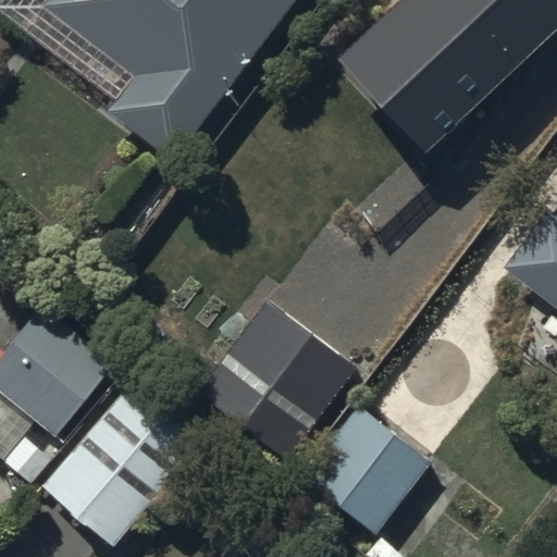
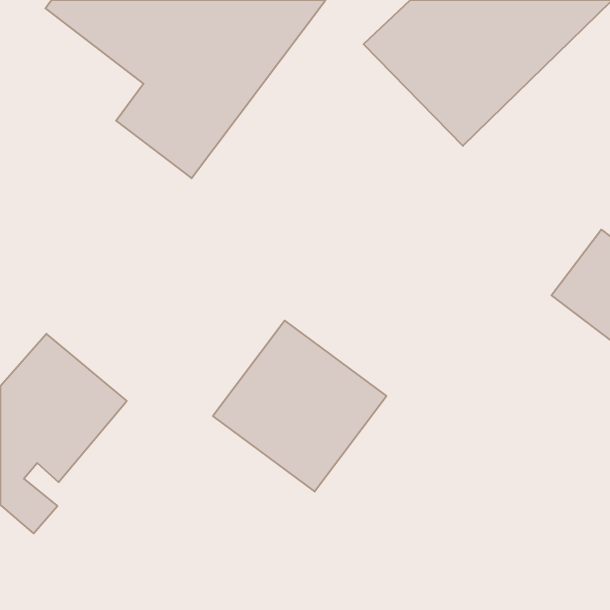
building: [39,382,202,549] -> none
building: [300,404,432,536] -> none

